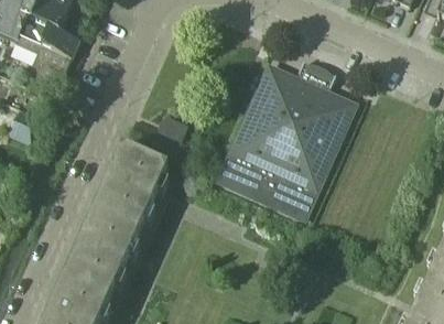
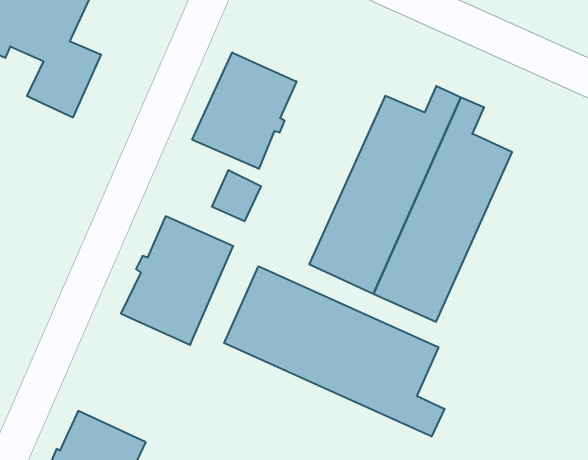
building: none -> [192,52,297,169]
building: none -> [224,266,445,437]
building: [63,212,138,298] -> none

